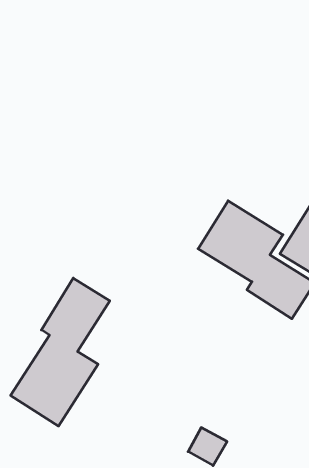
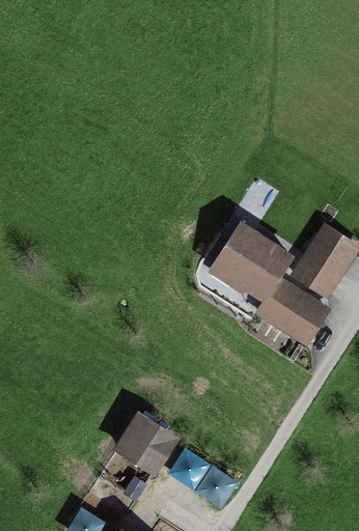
building: [11,278,110,426] -> none
building: none -> [115,414,181,479]

